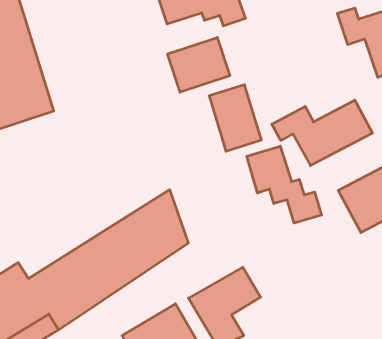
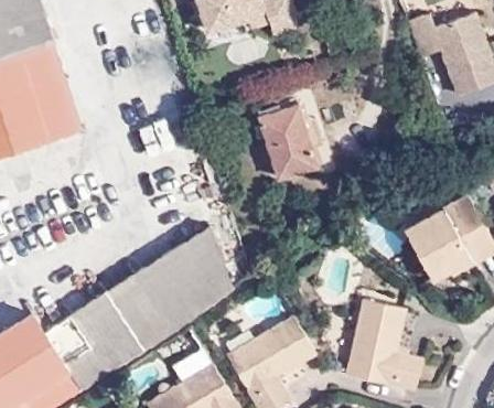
building: [168,37,230,92] -> none
building: [272,100,372,166] -> none
building: [247,146,322,223] -> none
building: none -> [348,293,428,391]

